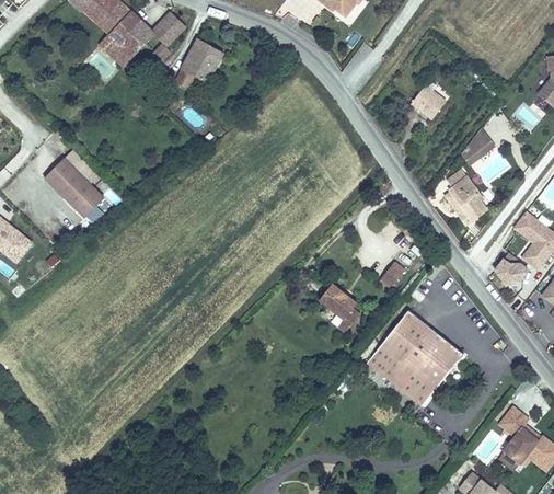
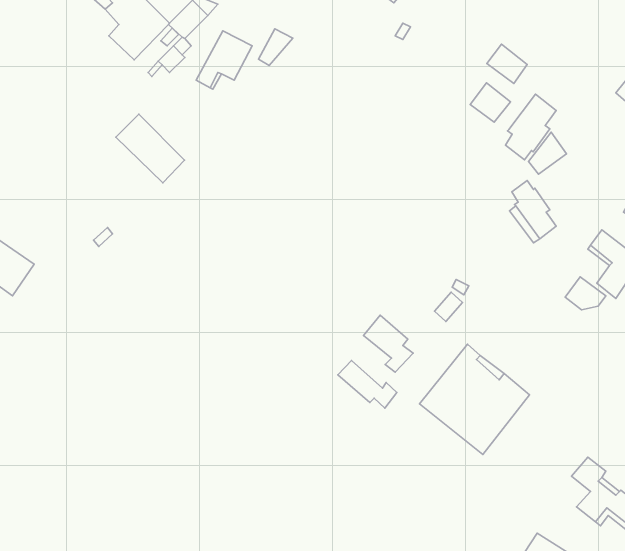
building: none -> [258,29,293,66]
building: none -> [487,44,527,83]
building: none -> [505,94,556,160]
building: [44,159,103,218] -> [116,114,184,183]
building: none -> [338,360,397,408]

